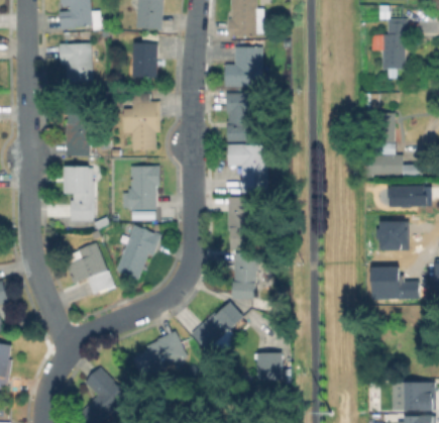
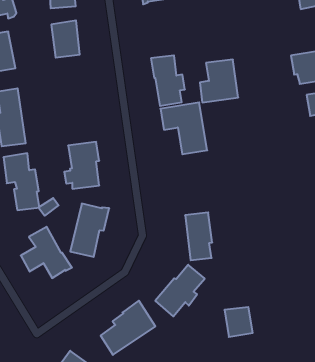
building: [225,46,262,86] -> [200,60,238,102]
building: [124,94,160,150] -> none
building: [228,197,251,248] -> none

